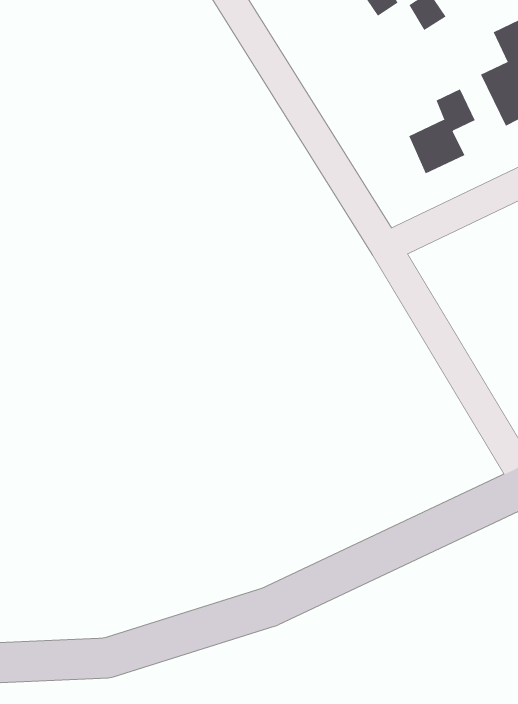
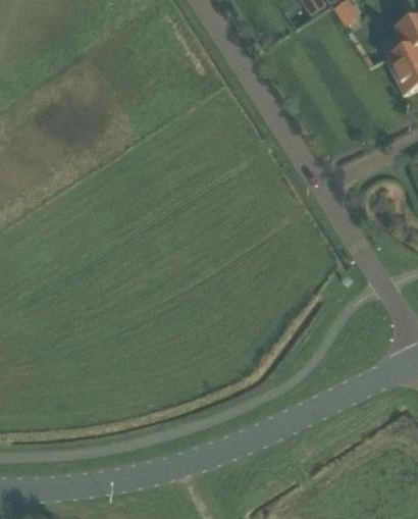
building: [408,88,475,174] -> none

